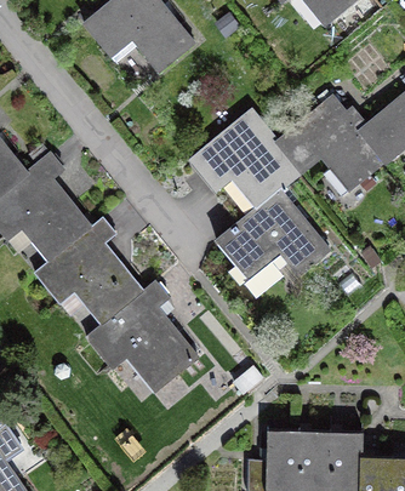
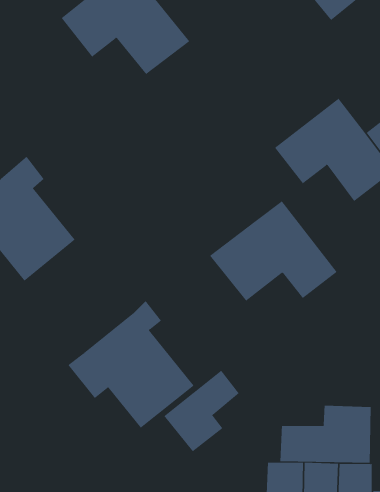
building: [193,115,298,209] -> none
building: [35,218,147,327] -> none
building: none -> [164,370,239,452]
building: none -> [280,405,371,464]

